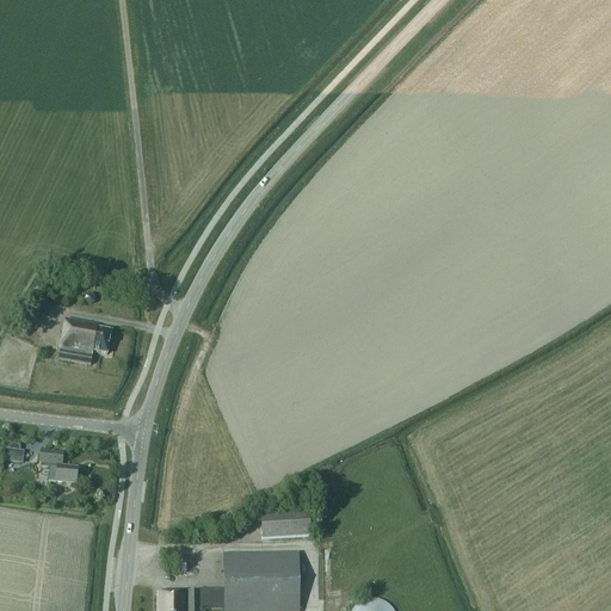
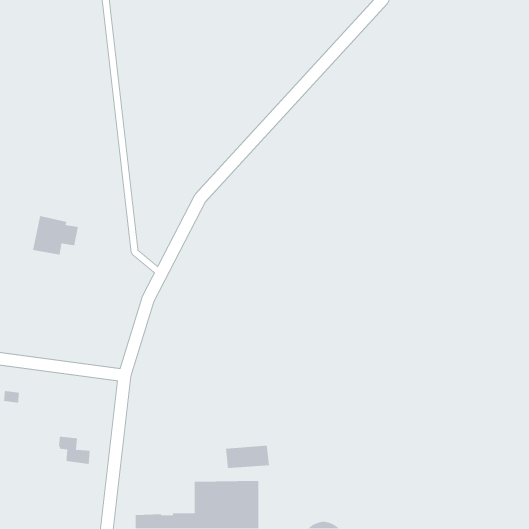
building: [58,319,112,365] -> [32,215,79,256]
building: [41,451,78,485] -> [58,436,90,465]

